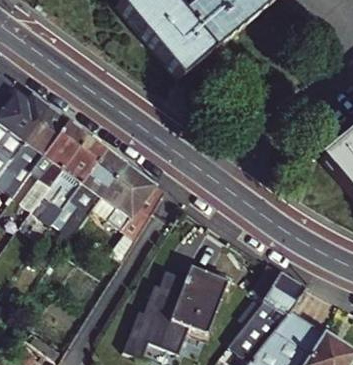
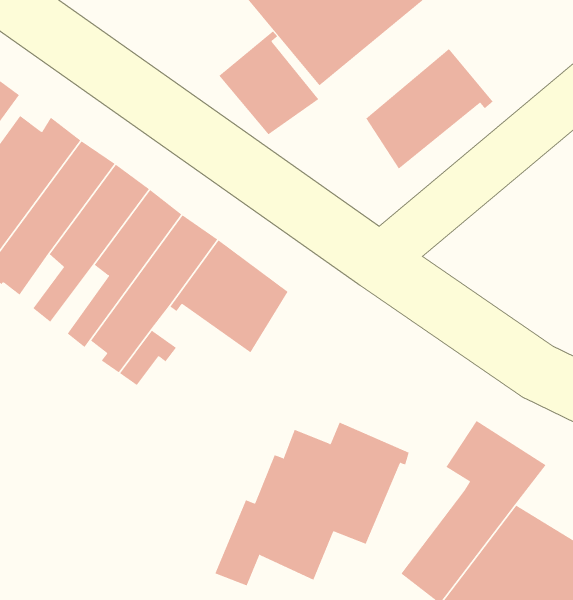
building: none -> [218,30,319,135]
building: none -> [365,48,494,169]

